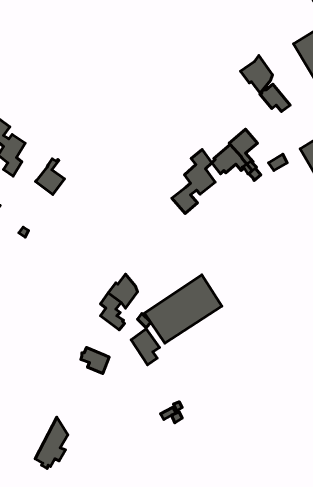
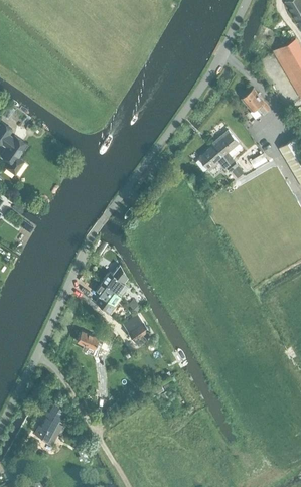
building: [240,56,273,93] -> none
building: [172,149,215,213] -> none
building: [36,159,64,194] -> none
building: [144,275,222,343] -> none

